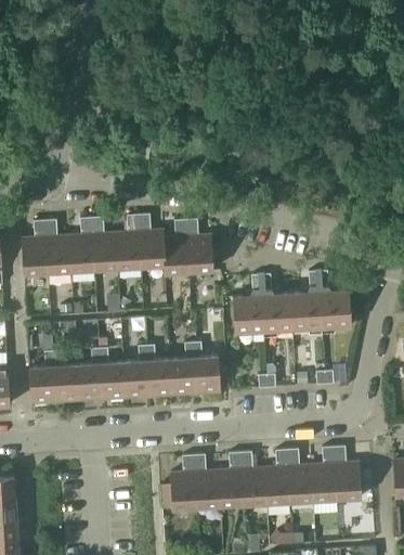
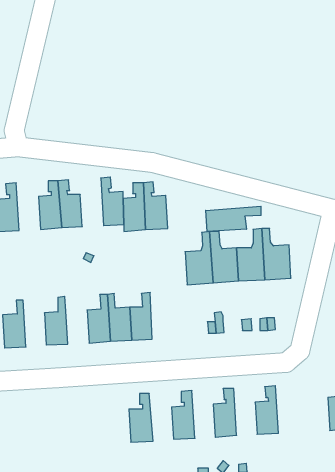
building: [116,215,142,269] -> none
building: [44,220,71,273] -> none
building: none -> [206,206,261,232]
building: [99,339,126,400] -> none
building: [194,343,220,395] -> none
building: [52,350,78,403] -> none
building: [334,446,361,500] -> none
building: [287,449,313,502] -> none
building: [240,451,266,505] -> none
building: [193,454,220,508] -> none

